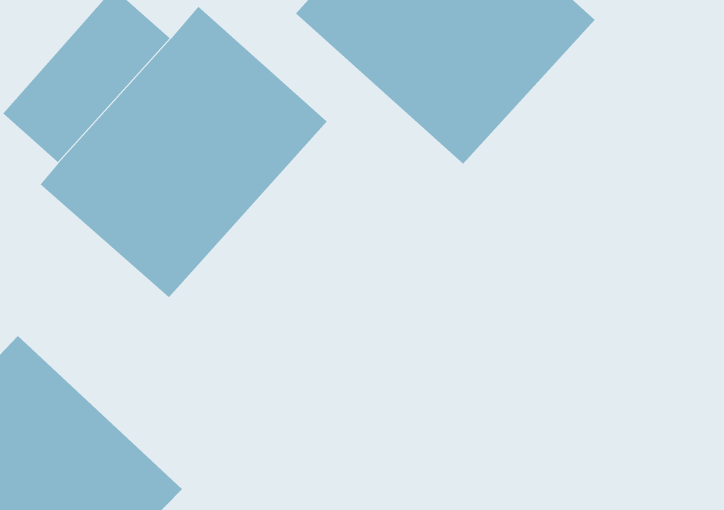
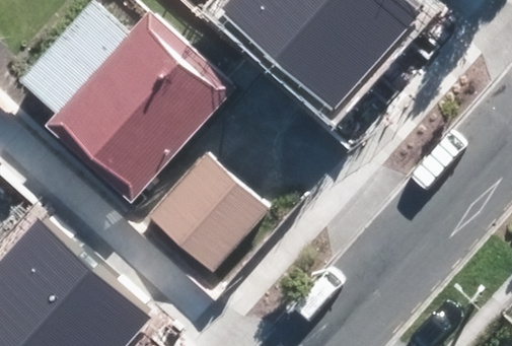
building: none -> [149,150,271,271]

